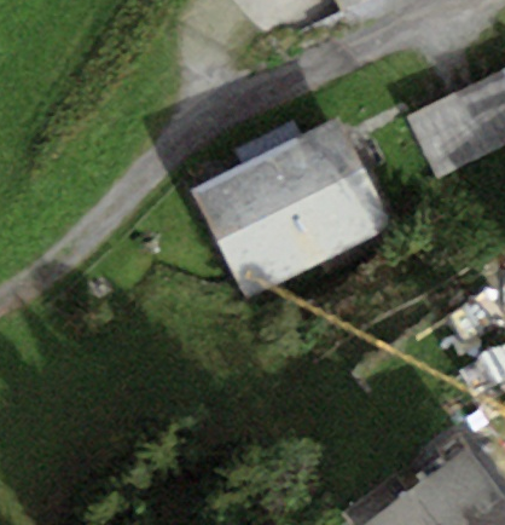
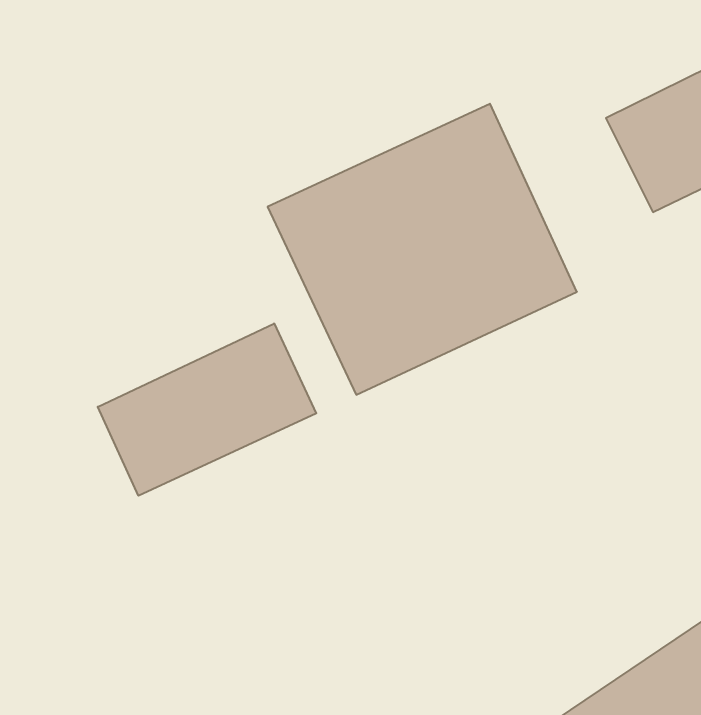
building: none -> [98,323,316,496]

